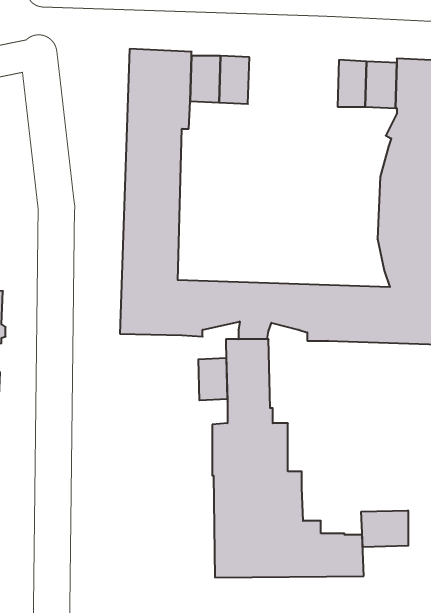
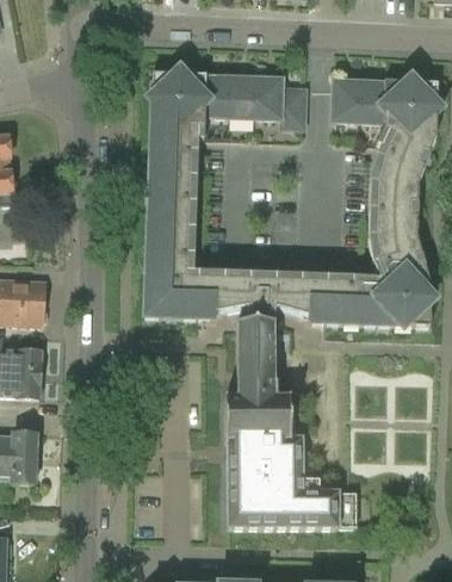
building: none -> [255,78,304,128]
building: [198,358,227,400] -> none
building: [361,510,408,547] -> none

